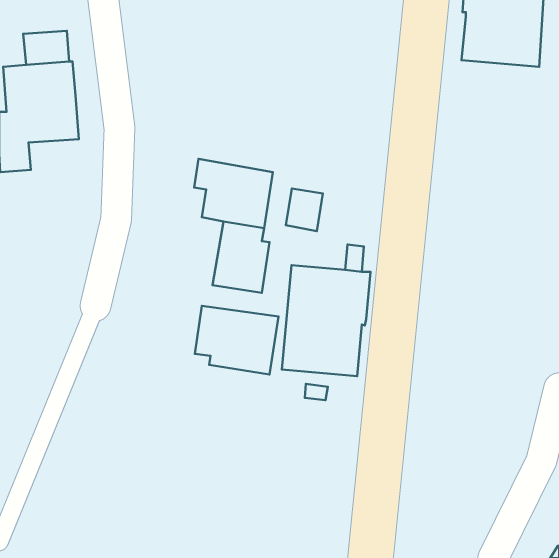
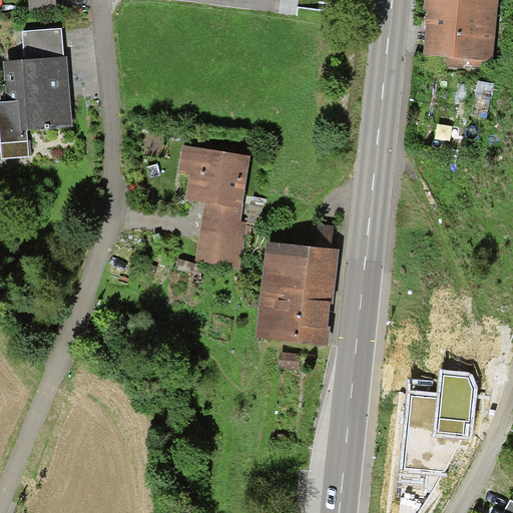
building: [286,189,323,231] -> none
building: [195,306,279,375] -> none
building: none -> [404,373,472,470]

